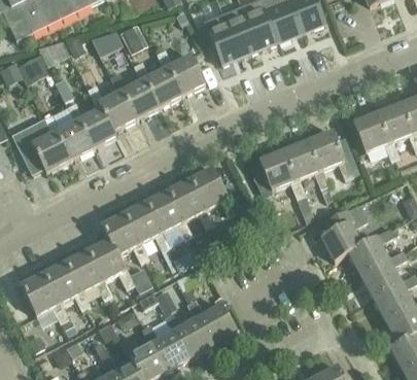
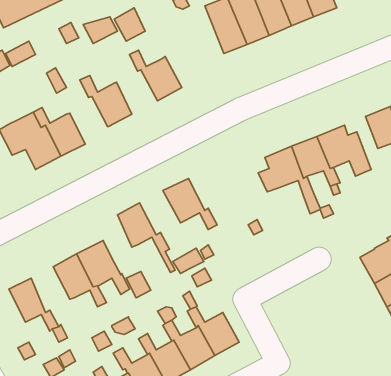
building: [155,48,205,96] -> none
building: [110,72,159,120] -> none
building: [67,102,115,148] -> none
building: [187,168,236,216] -> none
building: [142,192,193,239] -> none
building: [321,204,368,262] -> none
building: [101,214,147,262] -> none
building: [41,263,89,311] -> none

